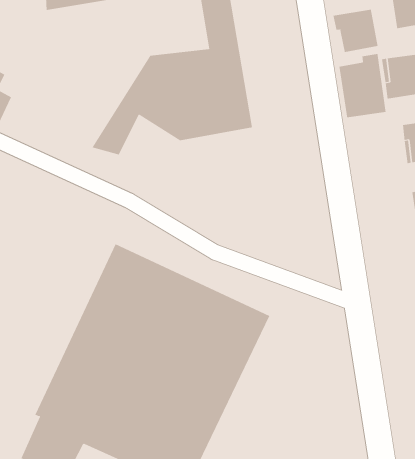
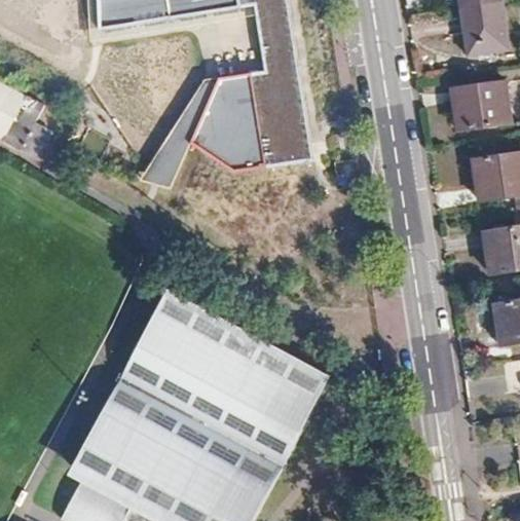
building: [333,9,378,53] -> none
building: [339,53,386,118] -> none

